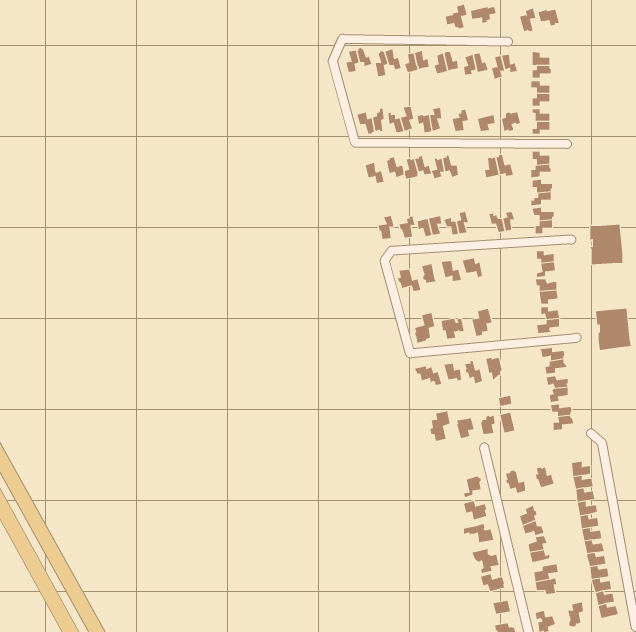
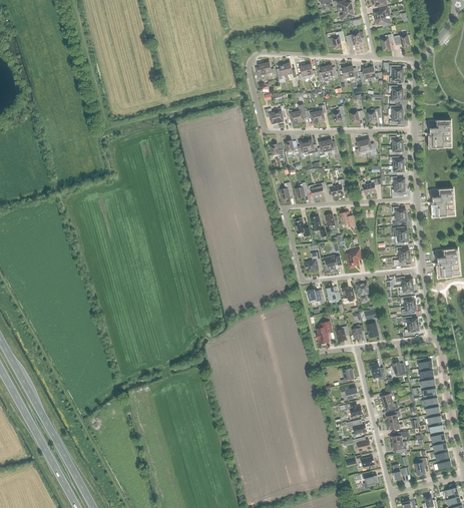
building: none -> [427,120,450,148]

